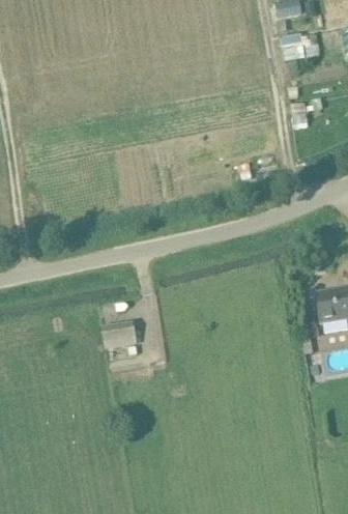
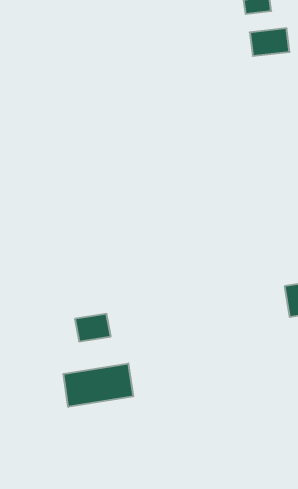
building: none -> [63,363,133,407]

